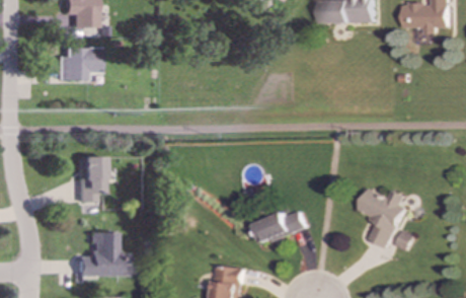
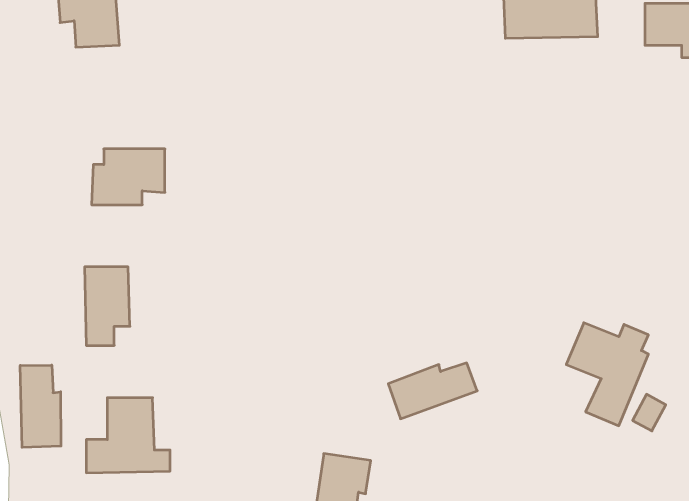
building: [55,48,97,80] -> [92,149,165,205]
building: none -> [20,365,61,447]

